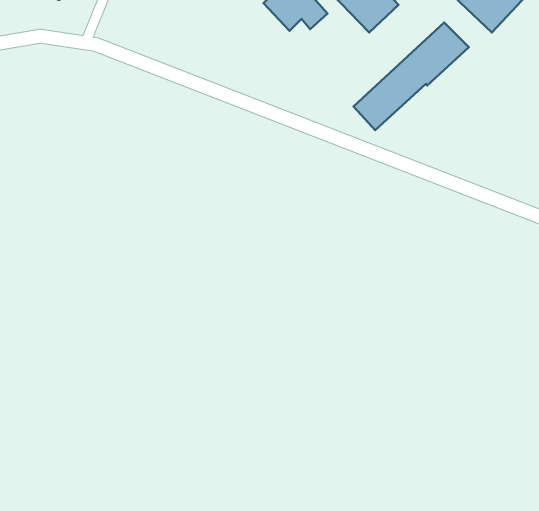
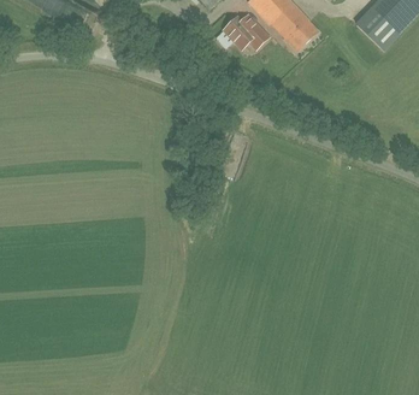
building: [354,22,469,130] -> none

